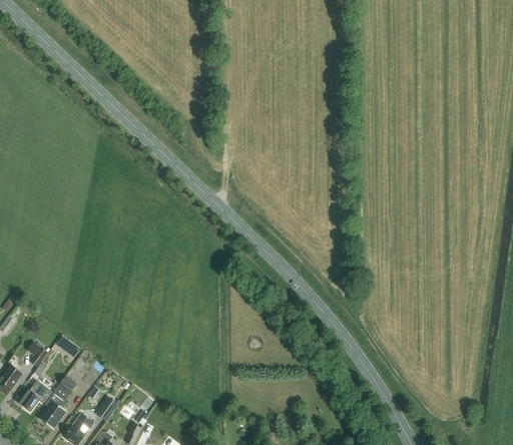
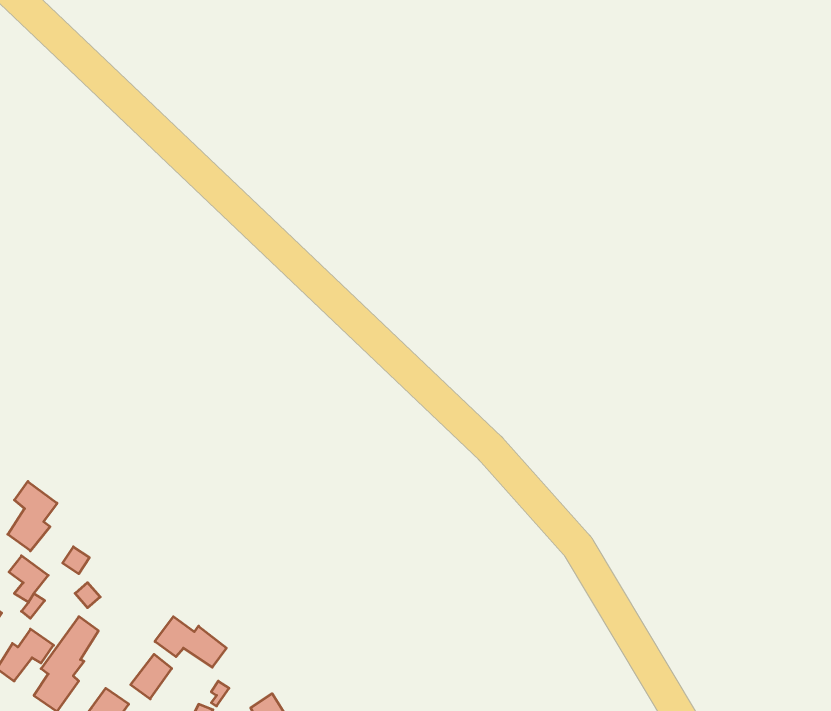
building: none -> [8,481,57,551]
building: none -> [155,617,226,667]

